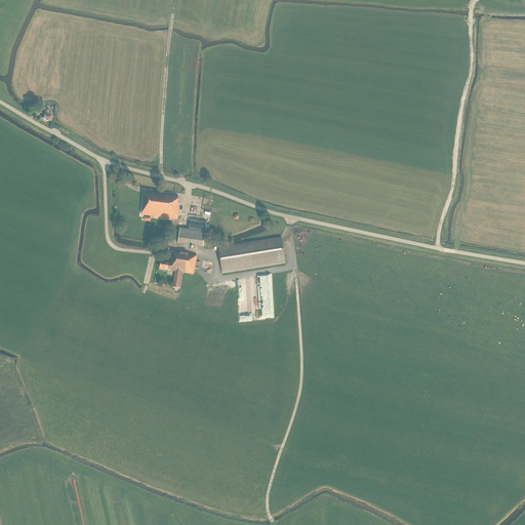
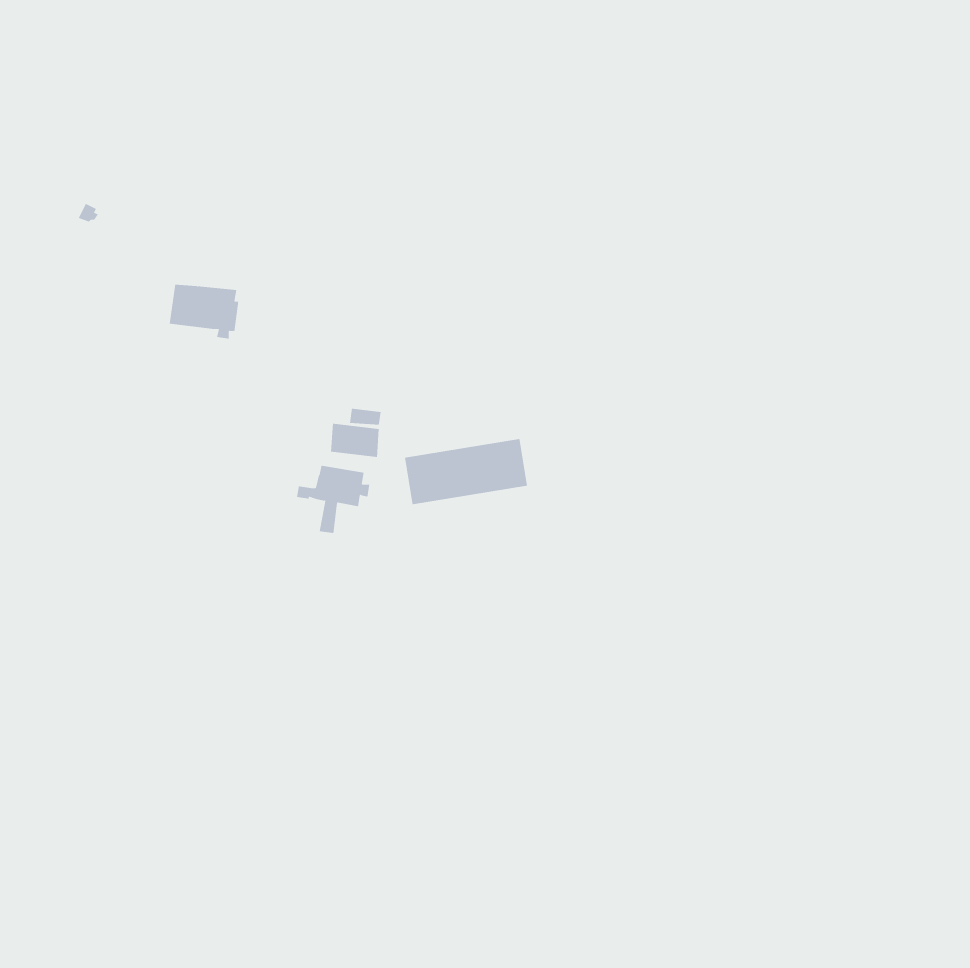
building: [142,193,179,223] -> [169,284,239,339]

